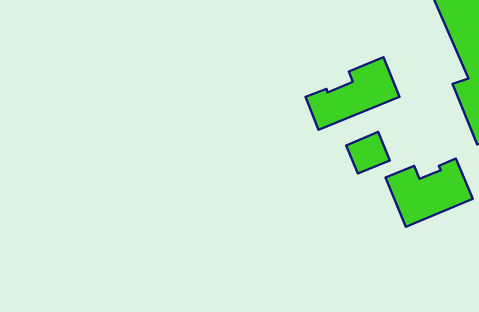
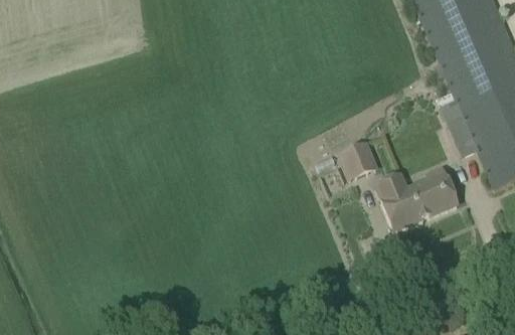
building: [306,57,400,130] -> none

